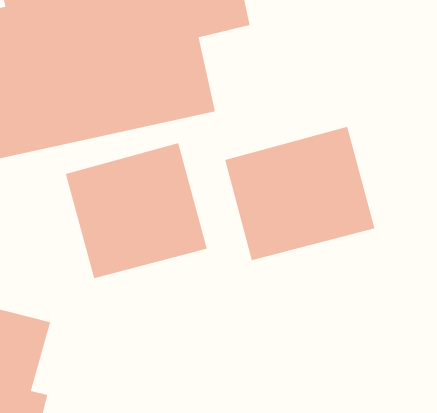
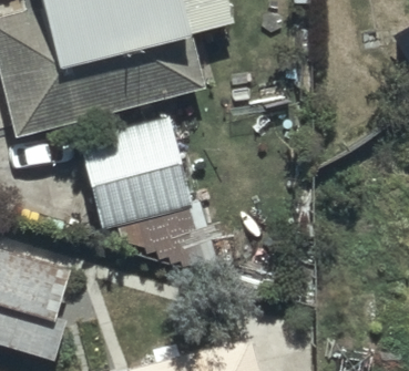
building: [224,126,376,261] -> none

